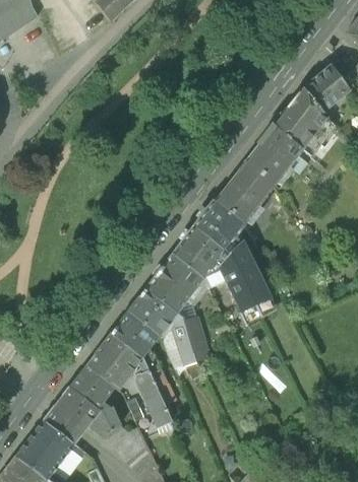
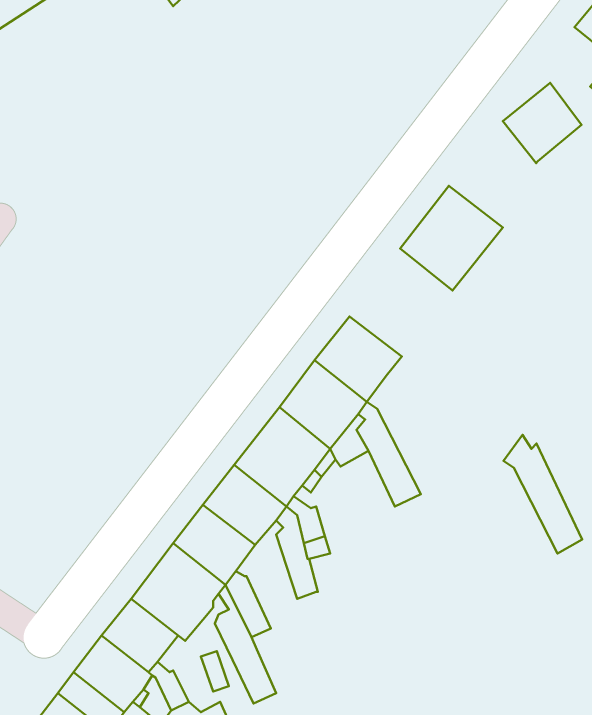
building: [272,86,335,155] -> none
building: [214,161,274,224] -> none
building: [224,235,270,304] -> [503,435,582,553]

